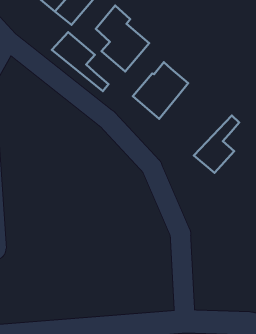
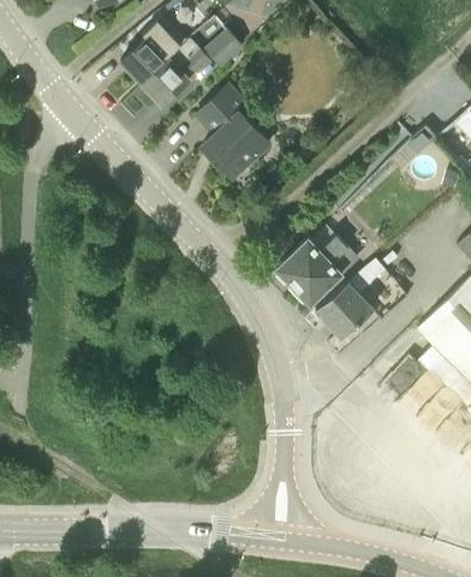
building: [52,32,109,91] -> none
building: [133,62,188,119] -> [278,225,358,304]

